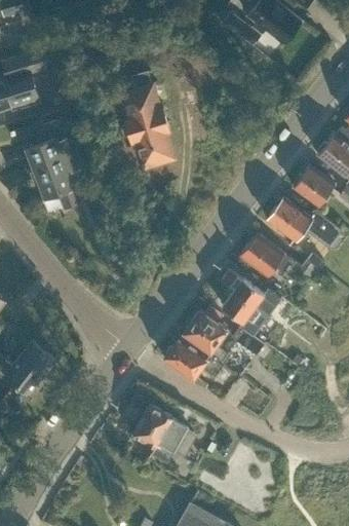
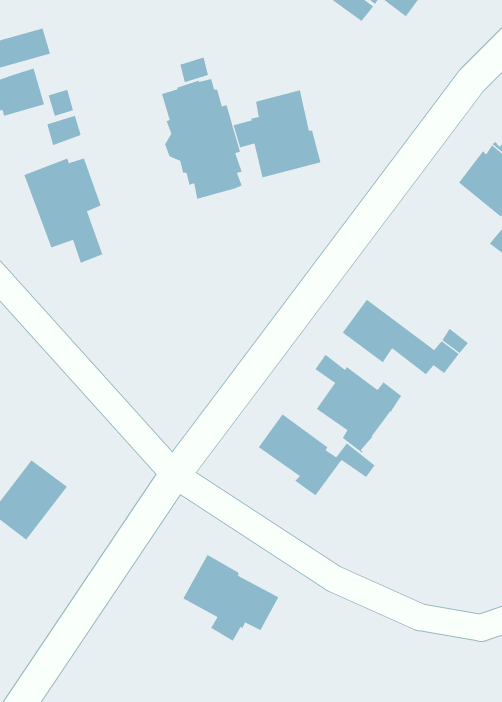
building: none -> [233,90,321,178]
building: [293,165,334,206] -> none
building: [266,197,340,250] -> none
building: [163,337,222,379] -> none

